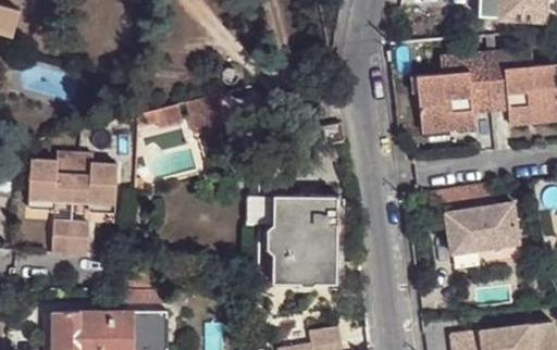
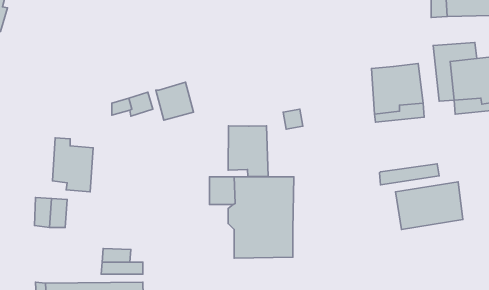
building: [443,52,495,115] -> none
building: none -> [228,126,268,177]
building: [29,152,75,208] -> none

